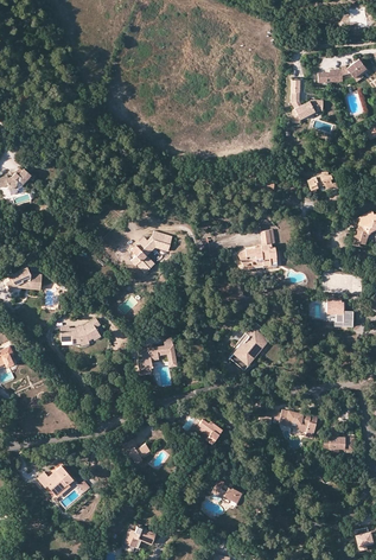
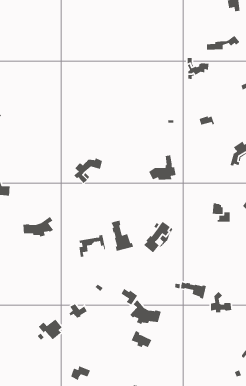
building: none -> [111,220,134,252]
building: none -> [129,299,162,325]
building: [36,467,71,498] -> [38,318,63,340]

